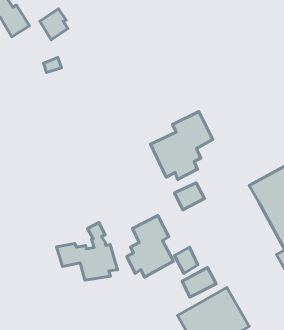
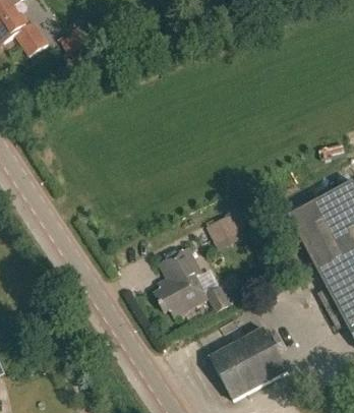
building: [151,112,213,180] -> none
building: [56,223,118,280] -> none
building: [182,267,216,297] -> none

